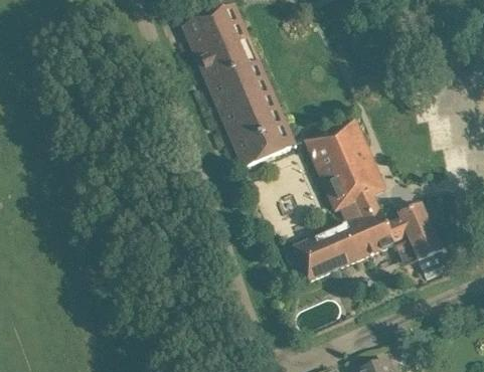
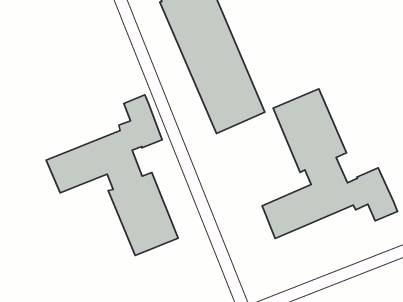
building: none -> [46,95,178,256]

